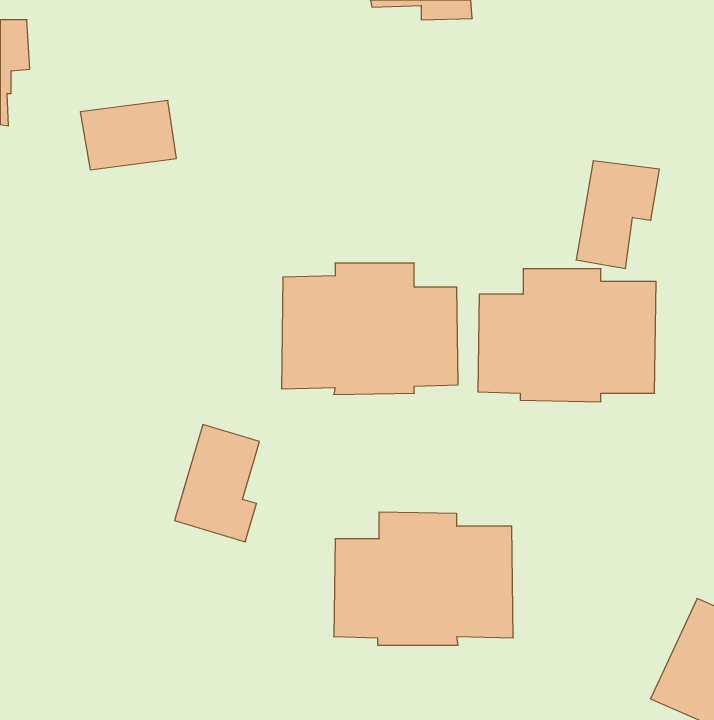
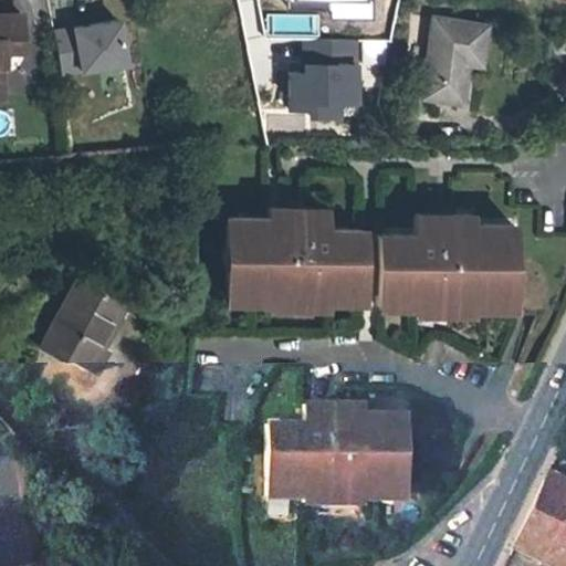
building: none -> [297,44,365,123]
building: [80,100,176,170] -> [62,24,137,78]
building: [576,161,659,268] -> [424,15,490,99]
building: [175,424,259,542] -> [44,284,111,376]

